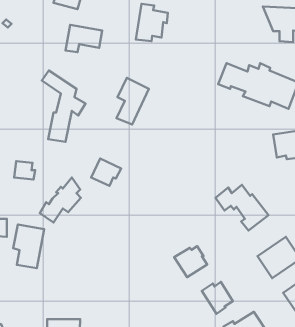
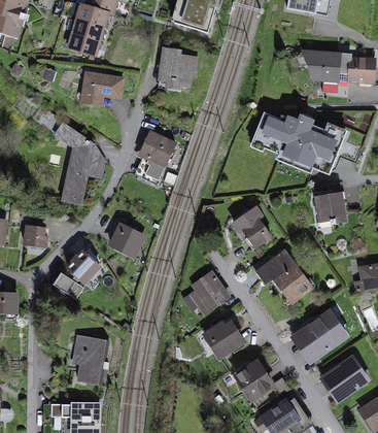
building: none -> [234,207,271,249]
building: none -> [183,272,228,311]
building: [13,224,44,268] -> [73,335,108,385]

